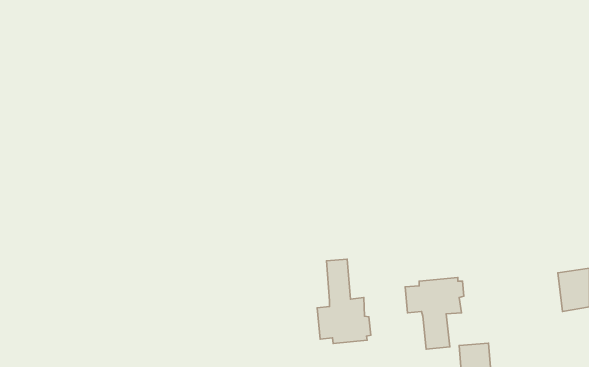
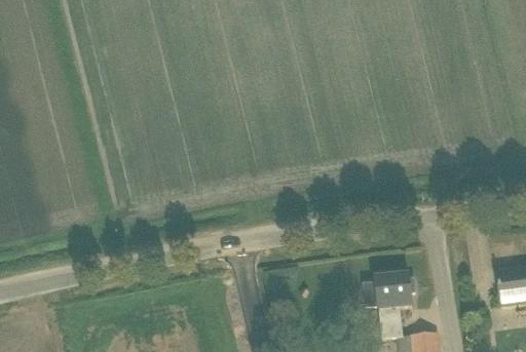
building: [317,259,371,343] -> none

